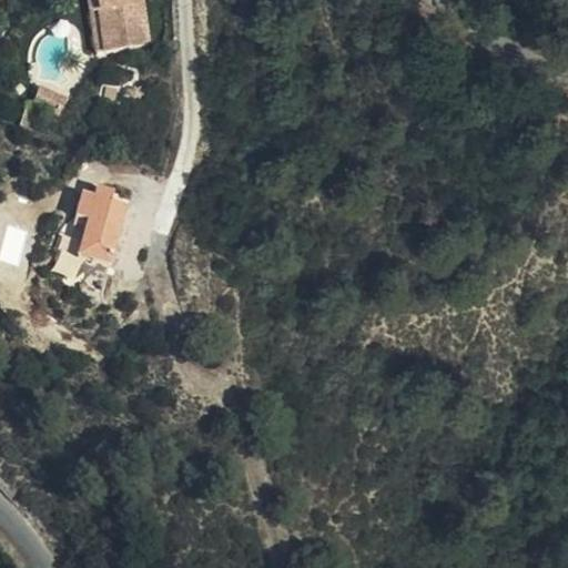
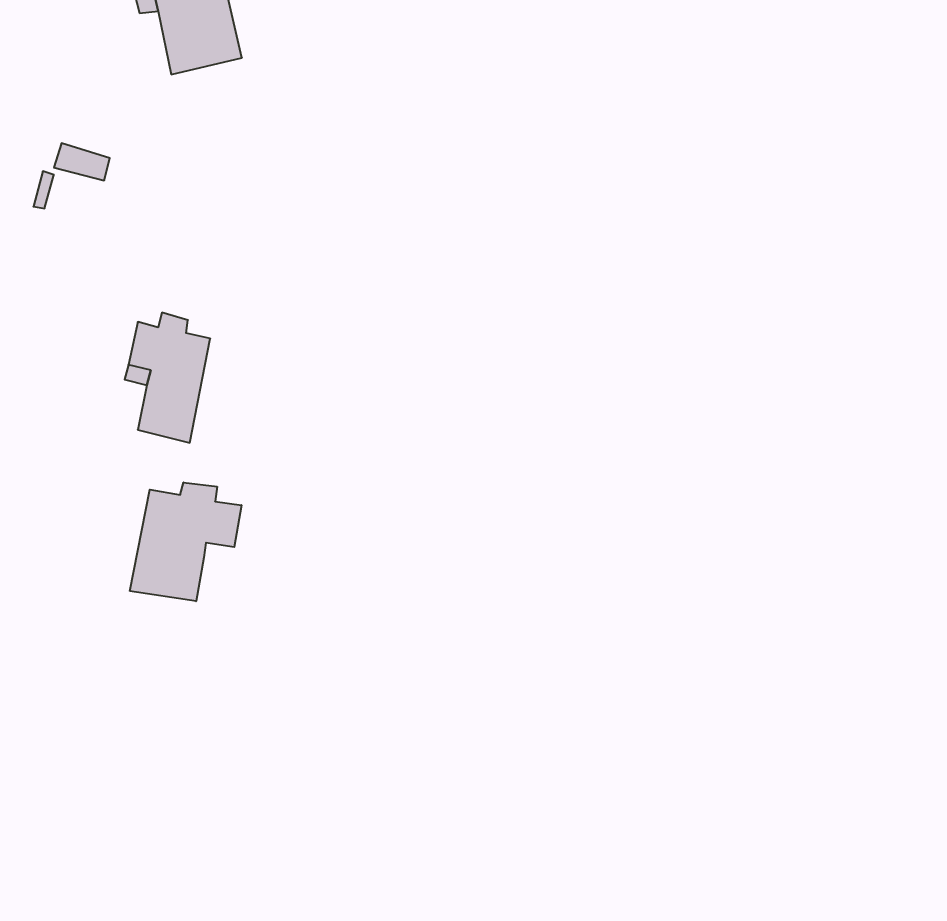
building: none -> [130,482,241,601]

